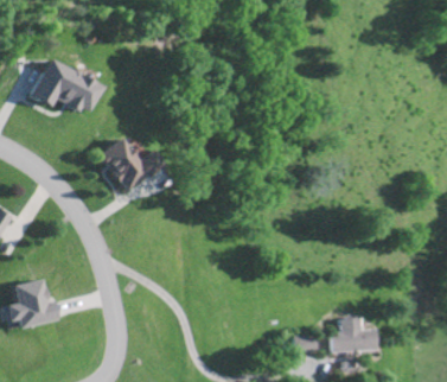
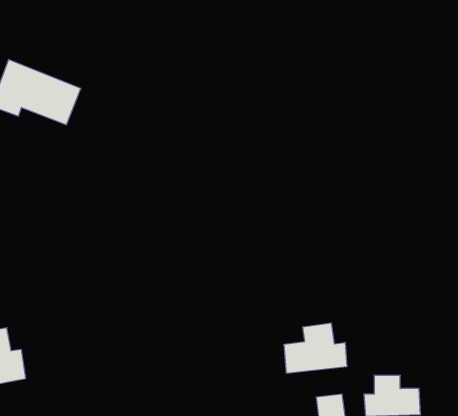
building: [98,138,162,191] -> none
building: none -> [284,323,347,373]

